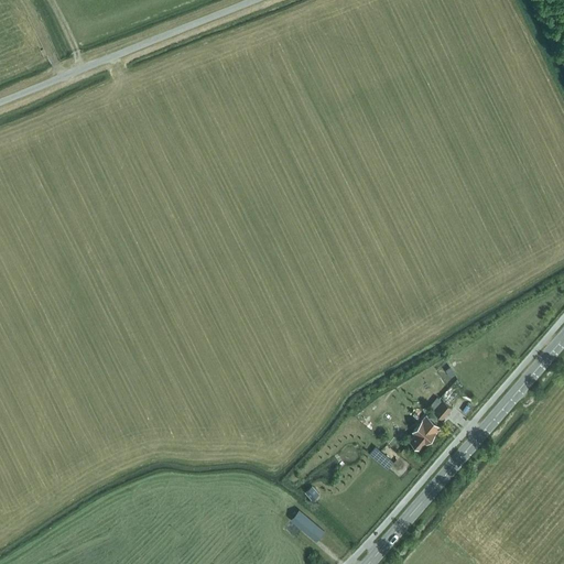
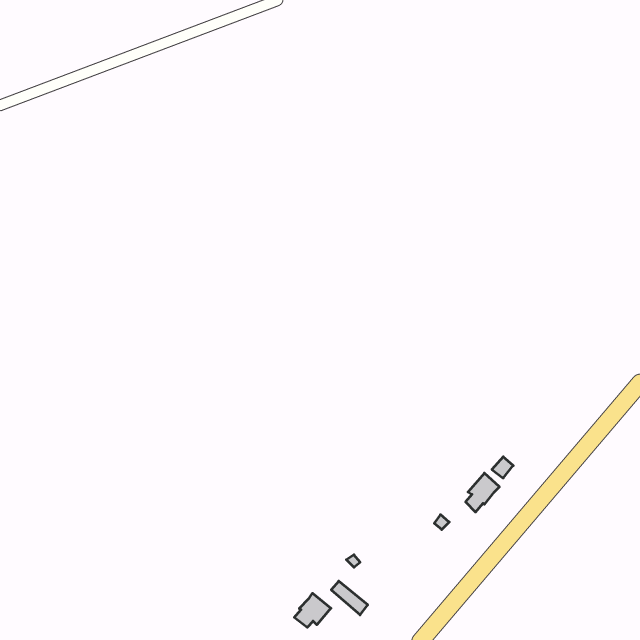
building: none -> [294,593,331,627]

